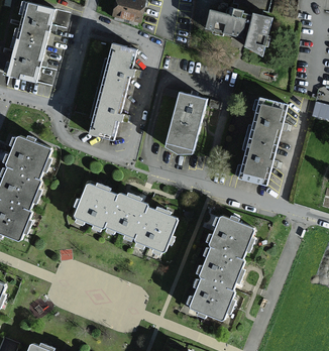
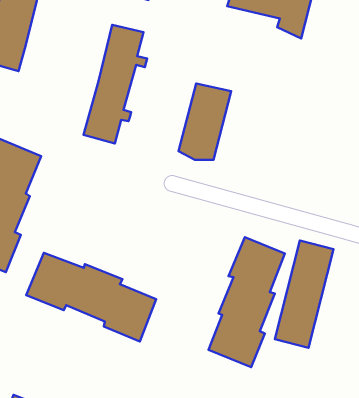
building: [237,98,285,185] -> [275,240,334,348]
building: [75,185,180,256] -> [26,253,156,342]

